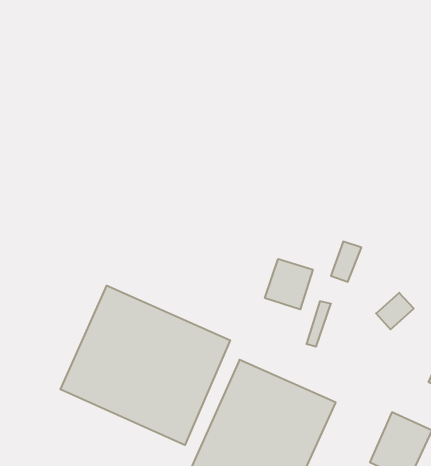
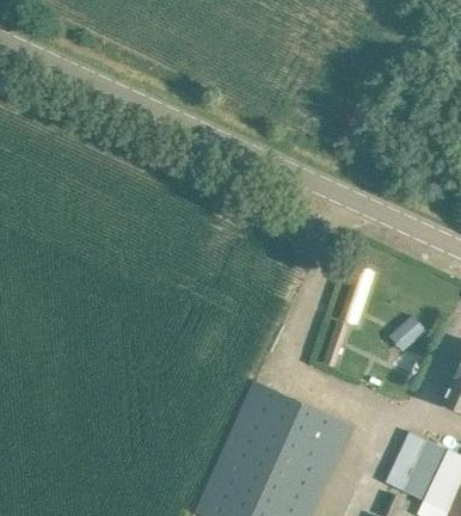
building: [265,259,313,309] -> none
building: [60,286,230,445] -> none

